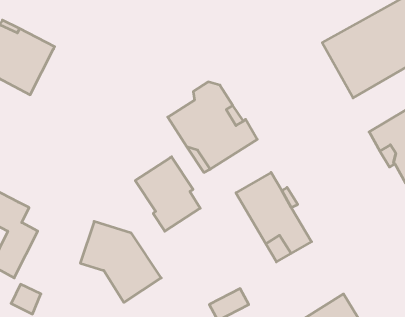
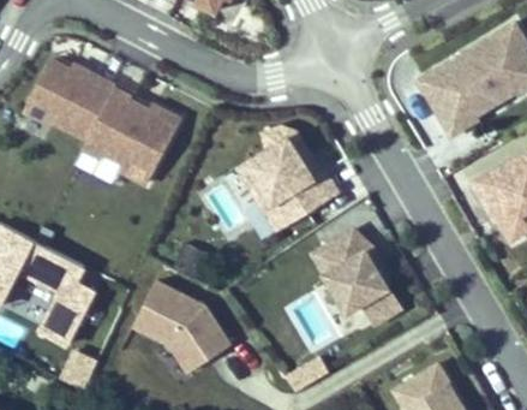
building: none -> [78,88,178,185]
building: [135,157,200,231] -> none

